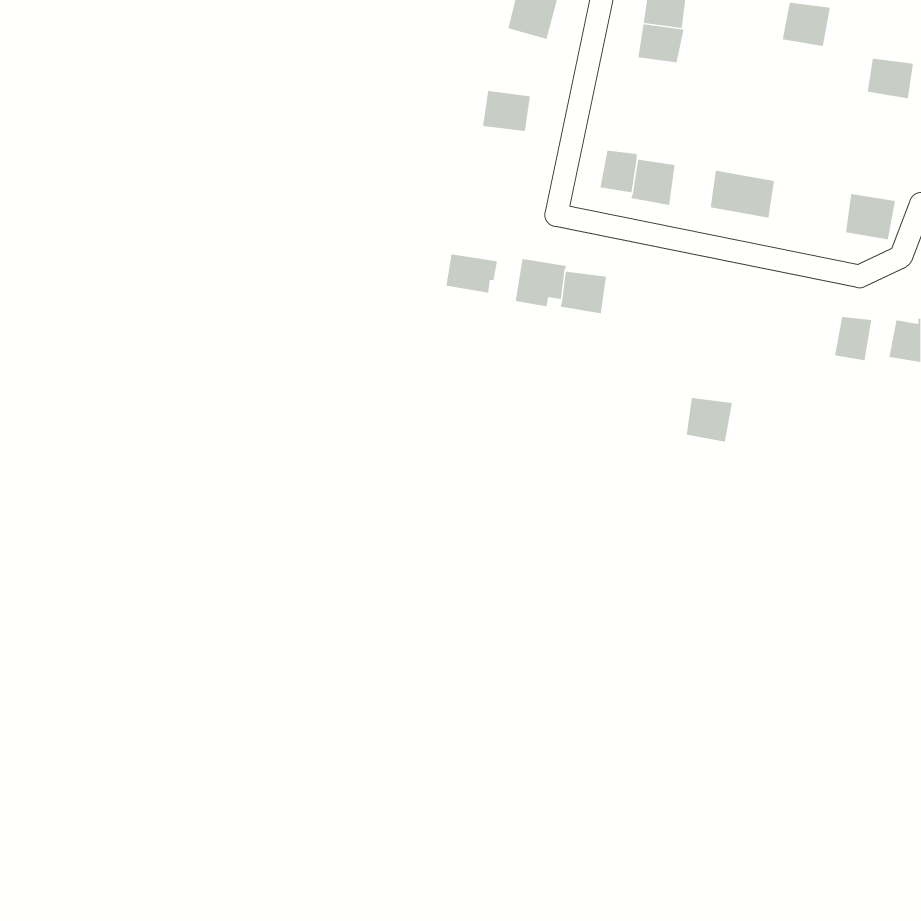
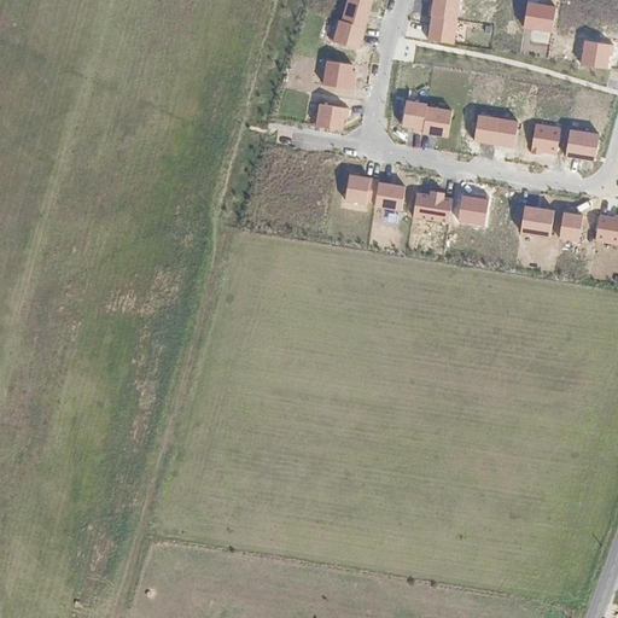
building: none -> [333,19,366,48]
building: none -> [530,122,560,153]
building: [445,254,498,293] -> [314,103,349,129]
building: none -> [412,190,453,222]
building: none -> [520,204,554,237]
building: [686,397,733,442] -> [456,194,488,225]

